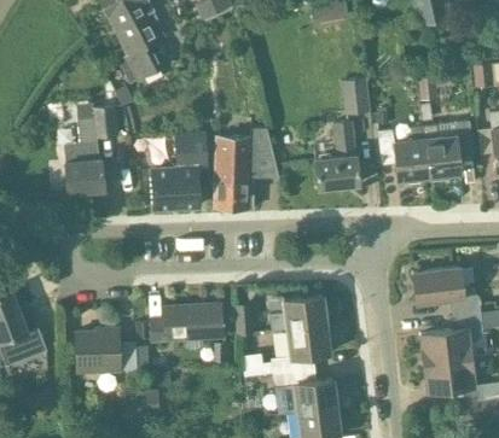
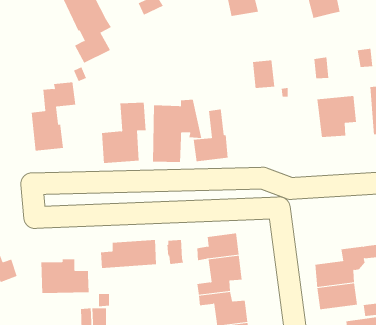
building: [314,121,359,187] -> [193,109,228,162]
building: [377,128,428,180] -> none
building: [411,268,481,316] -> none

